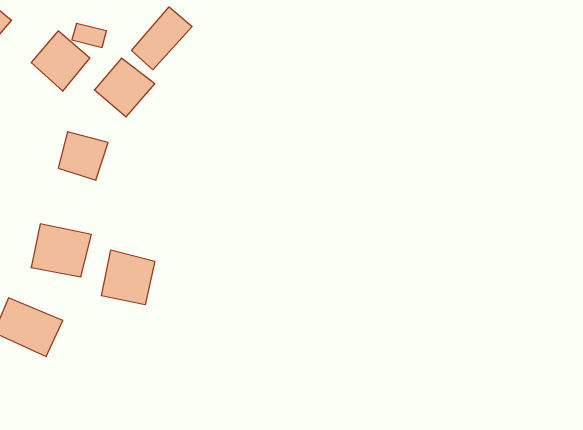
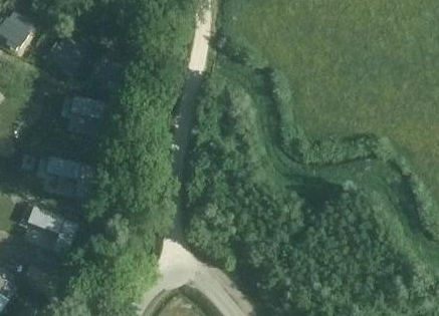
building: [132,7,192,70] -> none
building: [101,250,155,305] -> none

